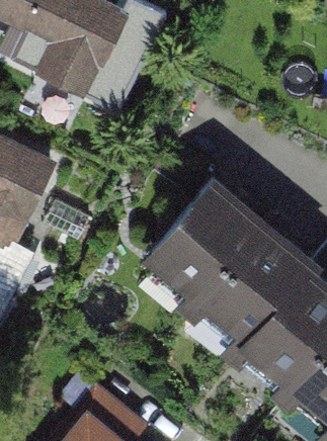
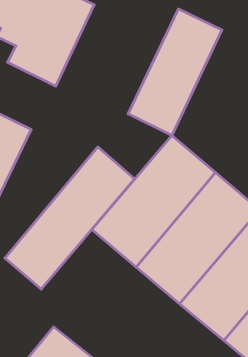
building: none -> [128,9,222,136]
building: none -> [5,147,135,289]

